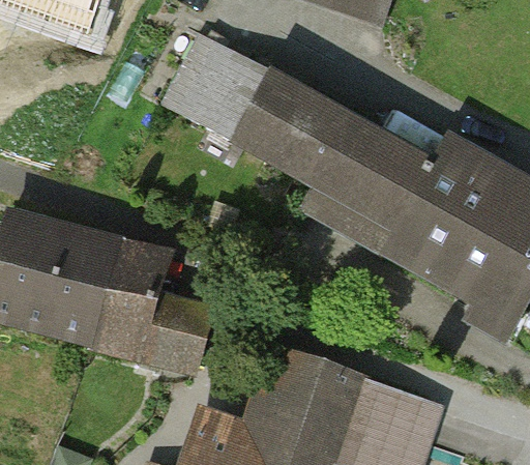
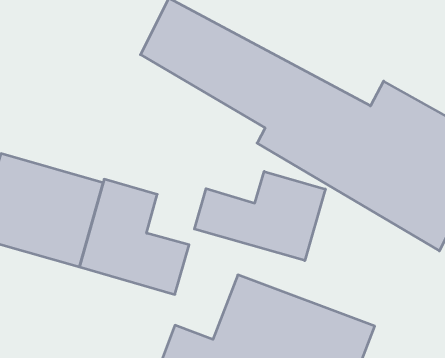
building: none -> [194,171,325,261]

